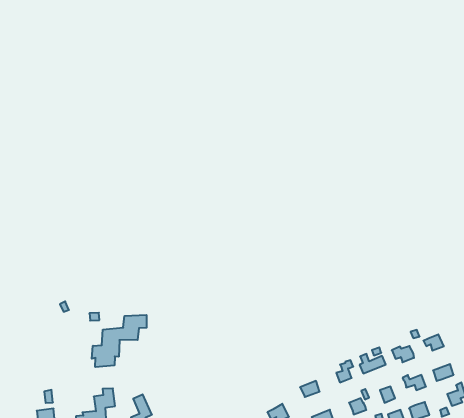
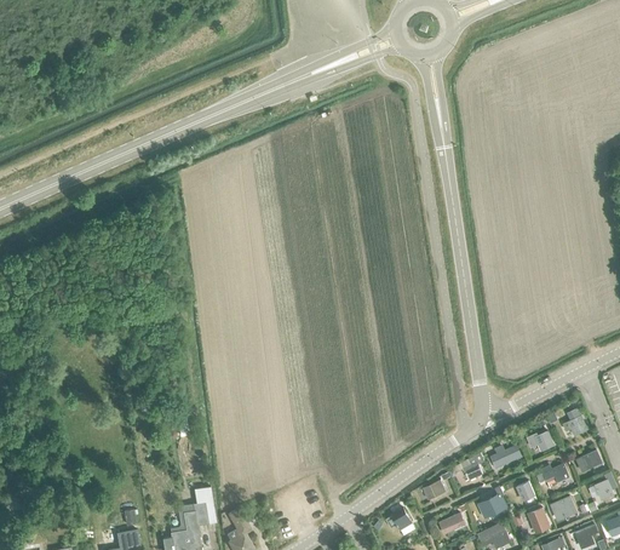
building: [92,315,147,367] -> none

